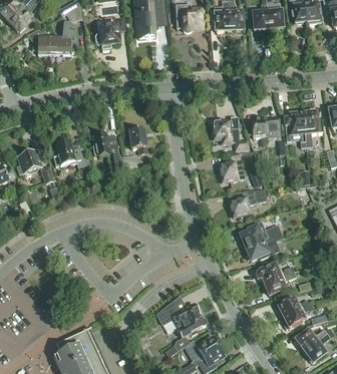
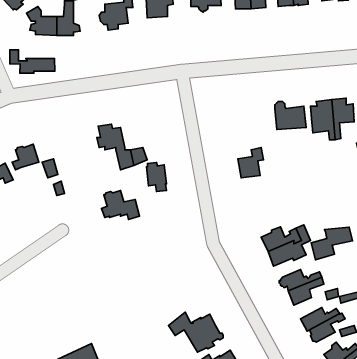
building: none -> [10,50,55,73]
building: [214,116,249,152] -> none
building: [129,127,147,153] -> [146,162,167,192]
building: [53,141,87,167] -> [102,191,140,220]
building: [229,189,266,218] -> [311,227,352,260]

